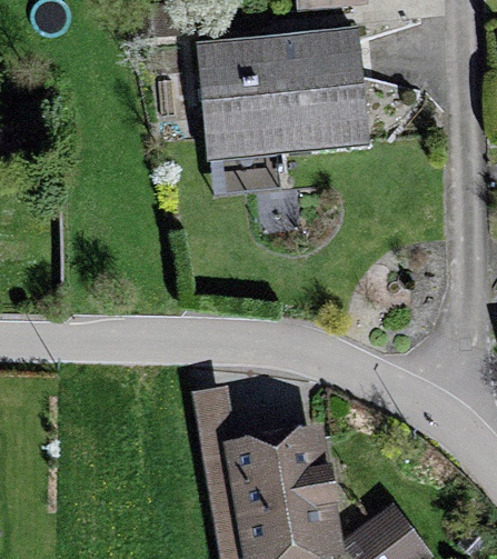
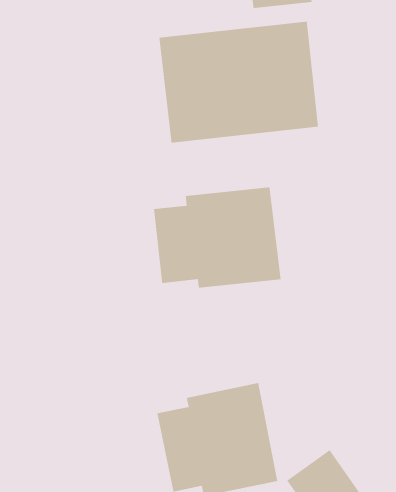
building: none -> [153,186,281,289]

